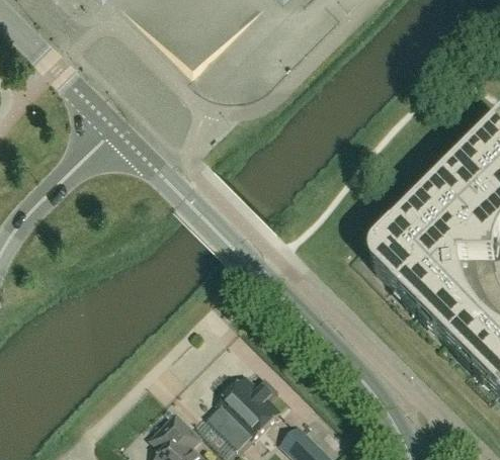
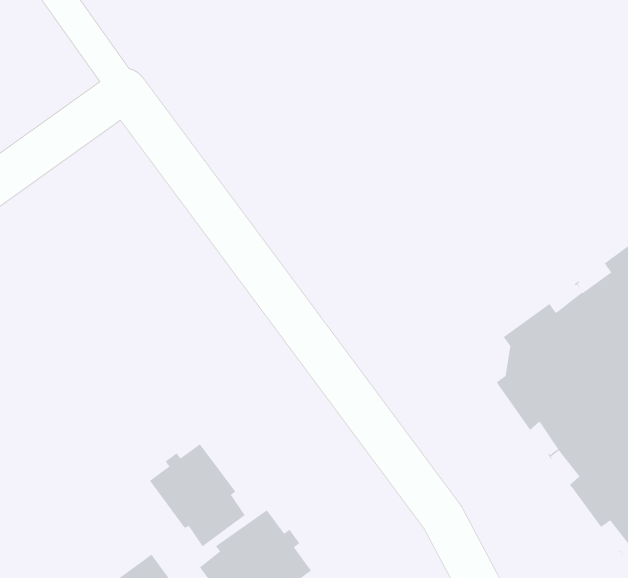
building: none -> [149,443,246,547]

